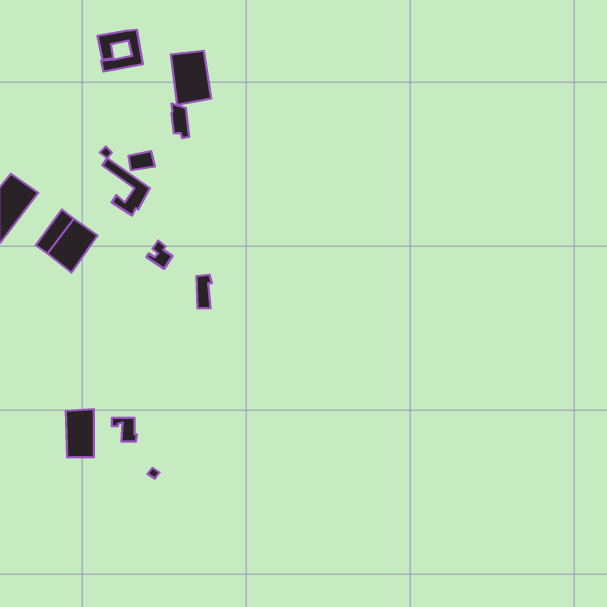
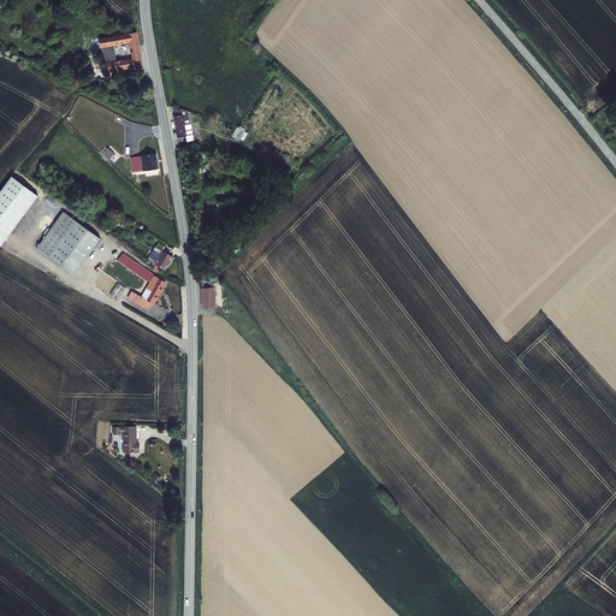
building: [171,51,211,105] -> none
building: [102,158,150,215] -> [117,254,165,312]
building: [66,409,94,457] -> none

